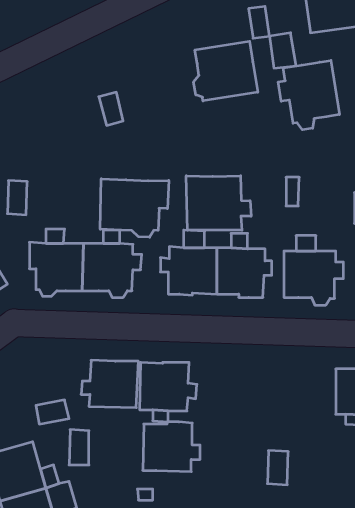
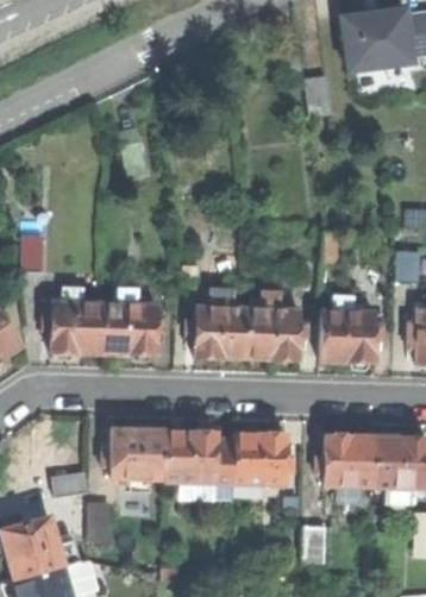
building: [194,41,258,101] -> none
building: [278,60,339,130] -> none
building: [186,176,251,230] -> none
building: [100,179,169,237] -> none
building: none -> [318,434,376,504]
building: [143,422,200,472] -> [233,432,295,485]

